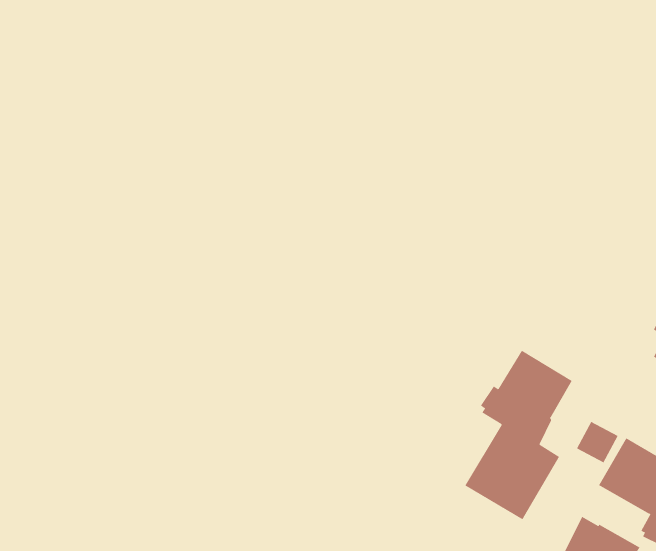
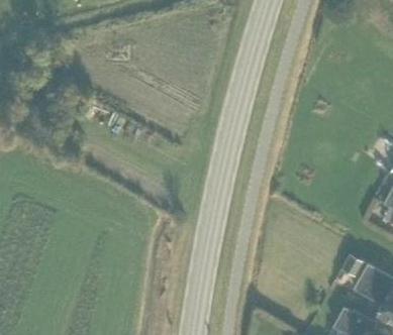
building: [465,350,573,520] -> none

